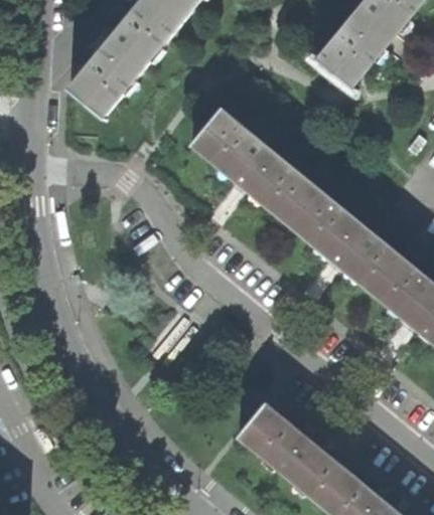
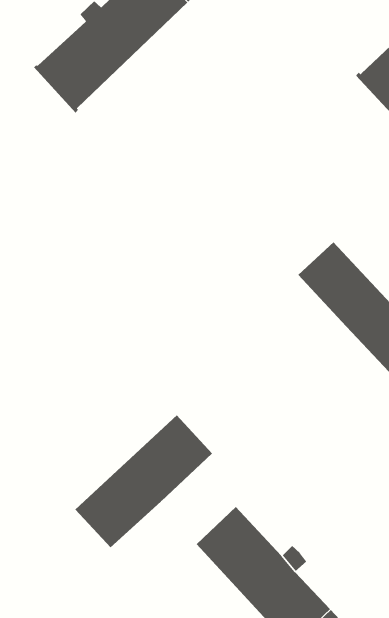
building: [191,109,315,220] -> none
building: none -> [75,415,213,548]

